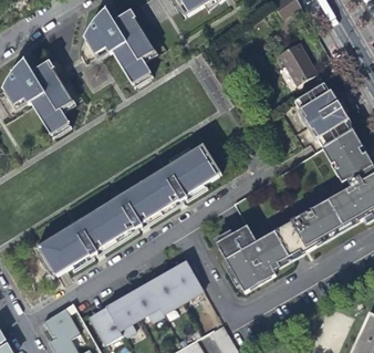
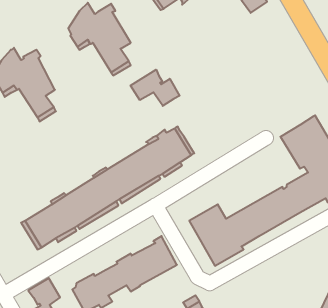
building: [280,42,318,85] -> none
building: none -> [131,70,180,106]
building: [276,84,350,153] -> none

